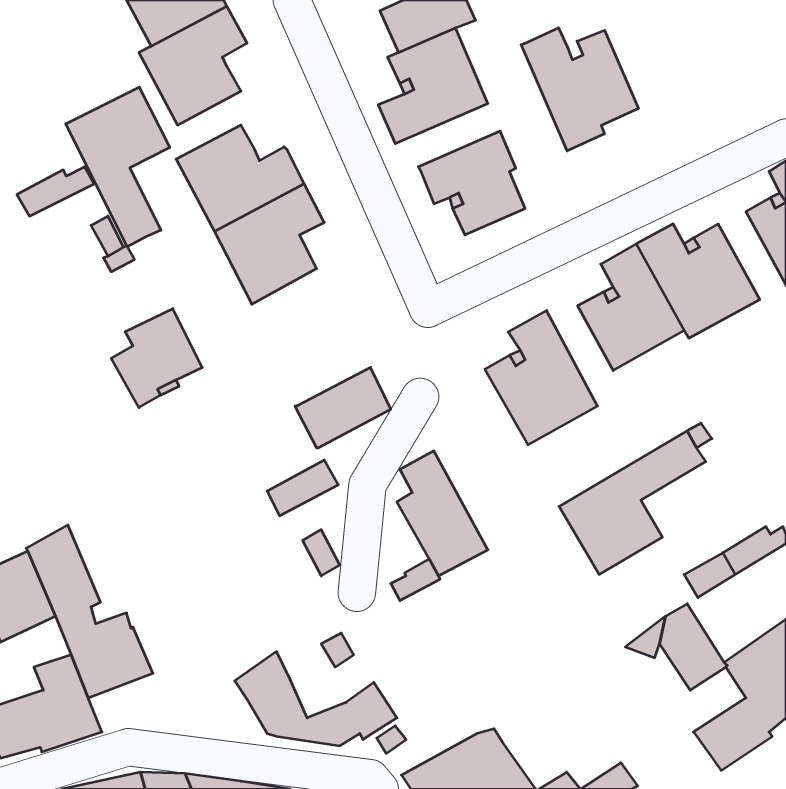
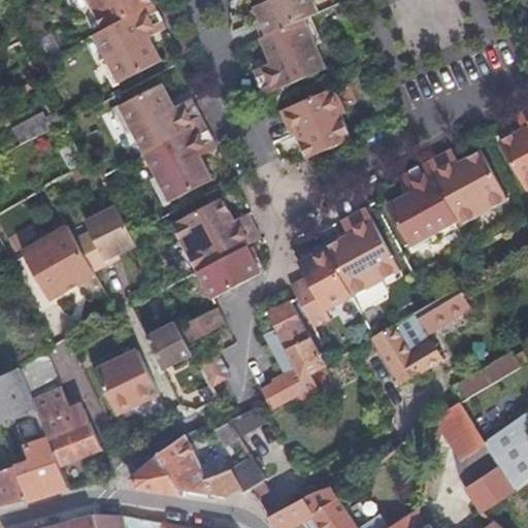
building: [521,28,638,151] -> none
building: [66,87,170,247] -> none
building: none -> [172,198,261,271]
building: none -> [21,226,95,301]
building: none -> [291,246,353,329]
building: none -> [146,323,192,369]
building: none -> [95,350,158,415]
building: none -> [130,455,186,496]

